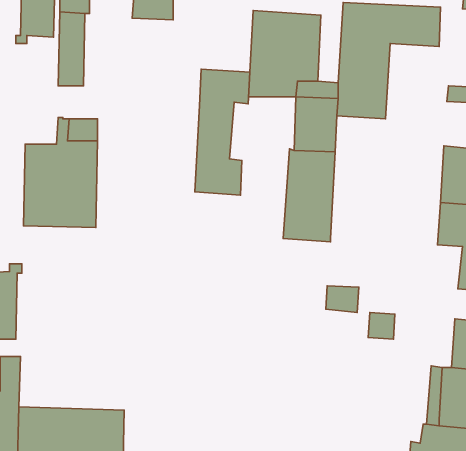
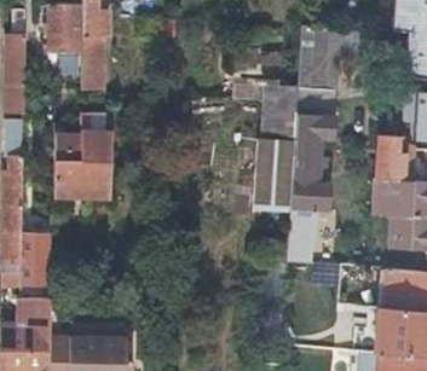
building: [195,69,250,195] -> [290,112,333,209]

